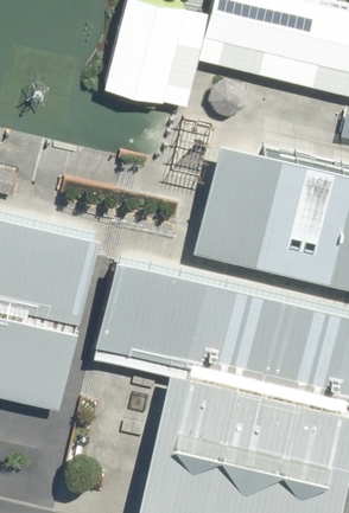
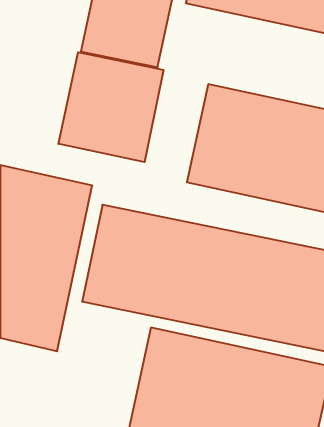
building: none -> [58,52,163,162]

